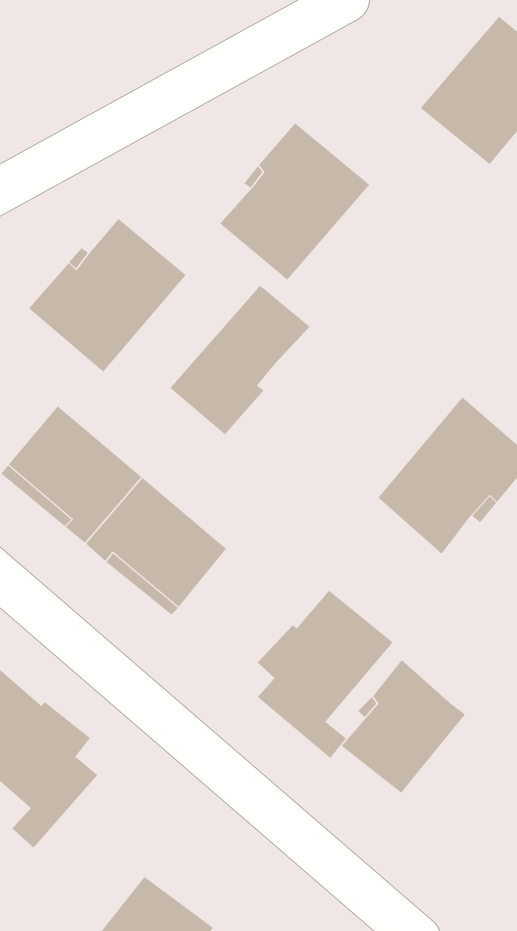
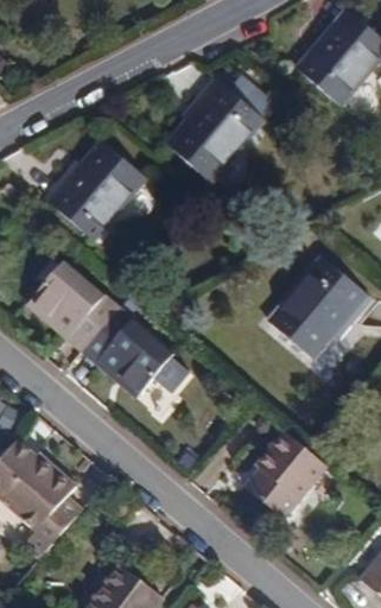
building: [170,285,311,435] -> none
building: [257,590,393,759] -> none

